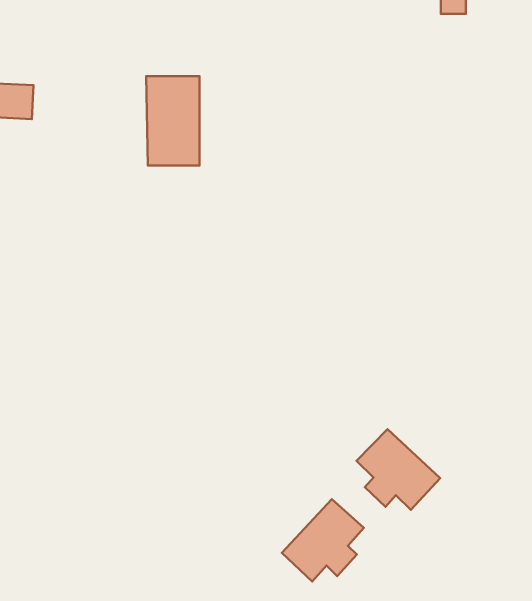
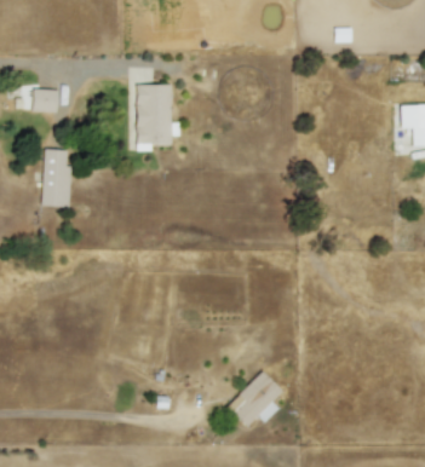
building: none -> [42,150,71,207]
building: [356,429,440,510] -> none

